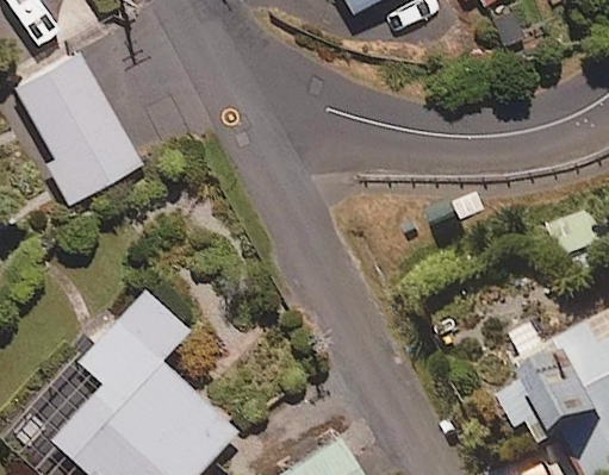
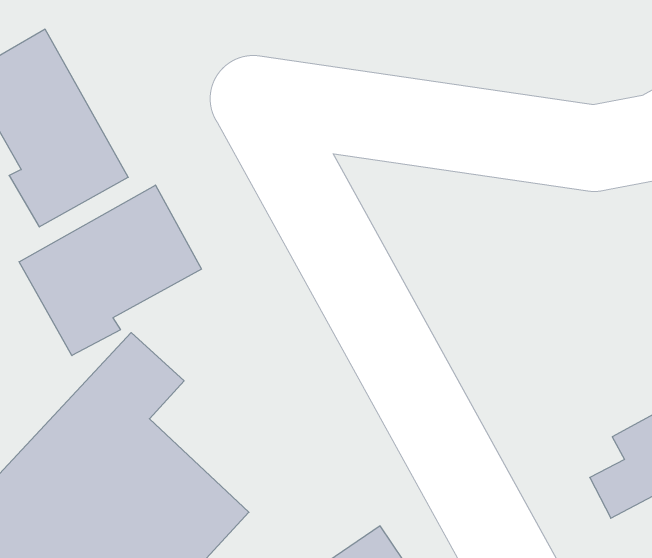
building: none -> [19,185,201,356]

